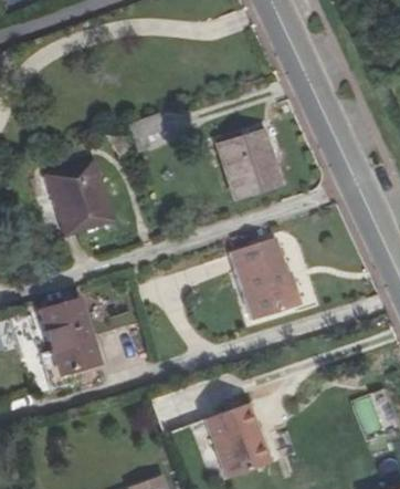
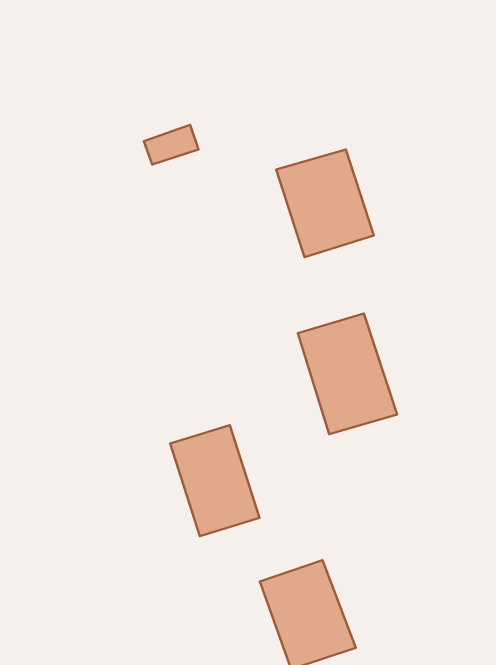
building: [45,159,112,233] -> none
building: [39,300,98,374] -> [170,425,260,536]

